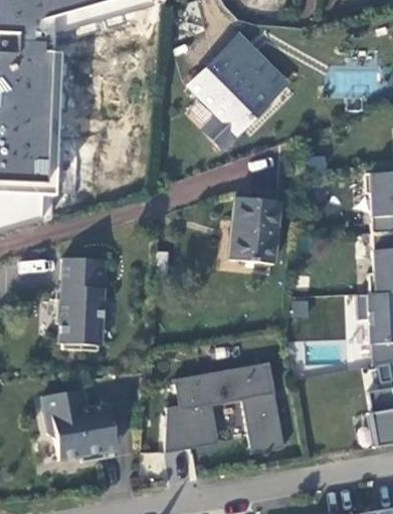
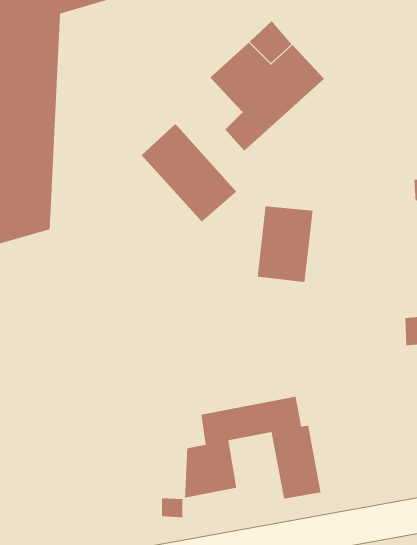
building: none -> [141,123,237,223]
building: [56,256,105,348] -> none
building: [43,389,118,462] -> none

